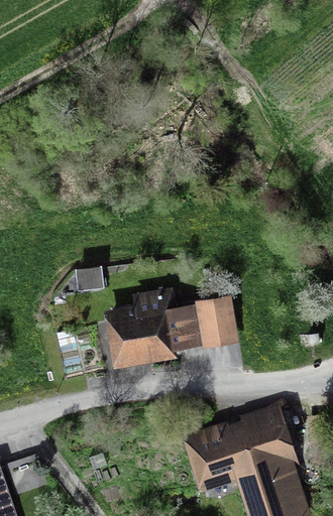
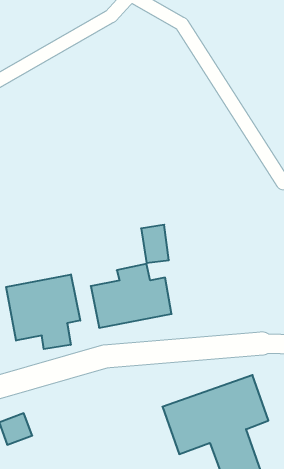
building: [201,298,231,340] -> [141,225,169,263]
building: none -> [6,274,80,349]

